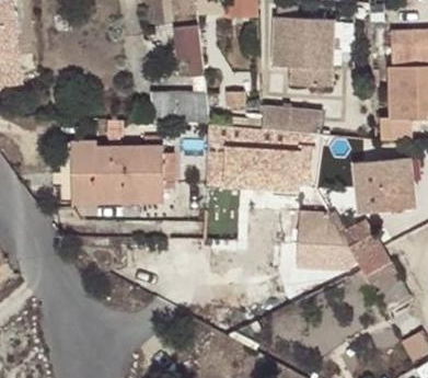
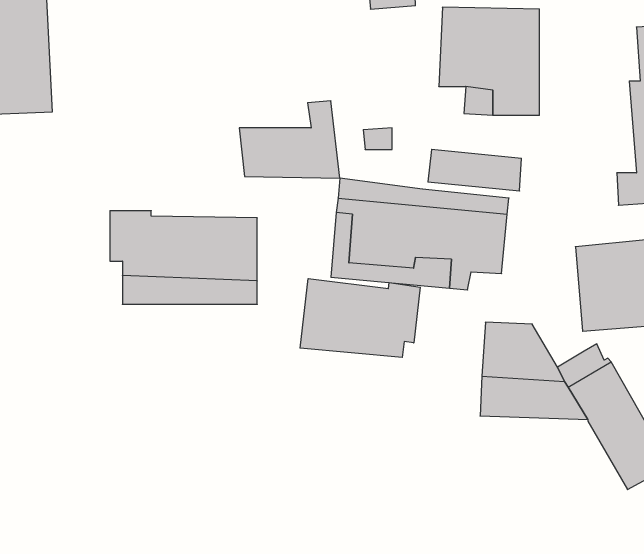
building: [173,25,205,77] -> none
building: none -> [300,279,420,357]

